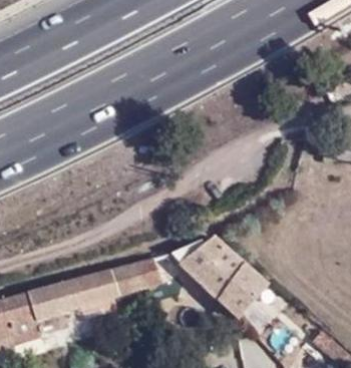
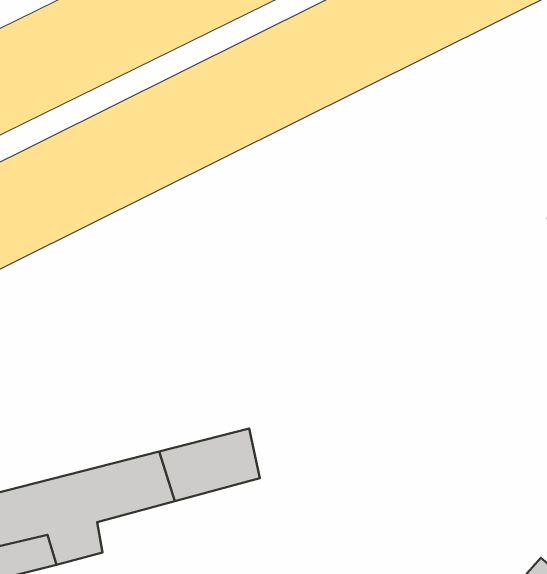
building: [172,237,267,318] -> none

